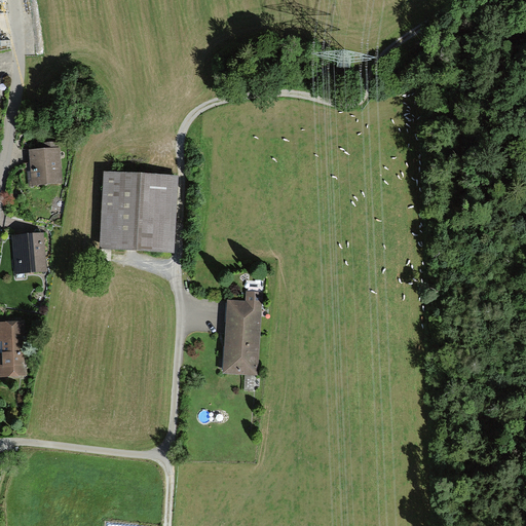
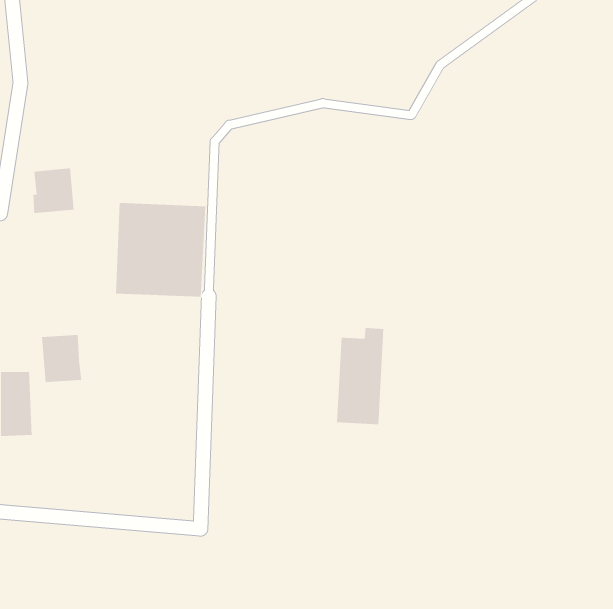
building: [12,230,47,271] -> [41,335,82,383]
building: [222,291,263,374] -> [336,328,384,425]

